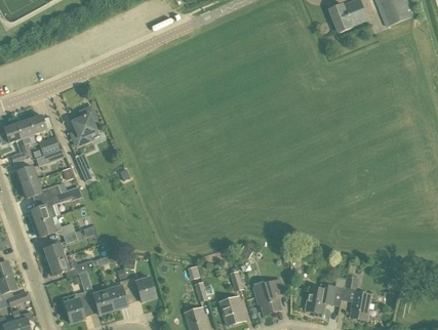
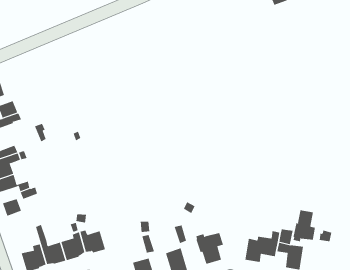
building: [70,106,95,145] -> none
building: none -> [293,210,316,242]
building: [47,255,93,277] -> none

